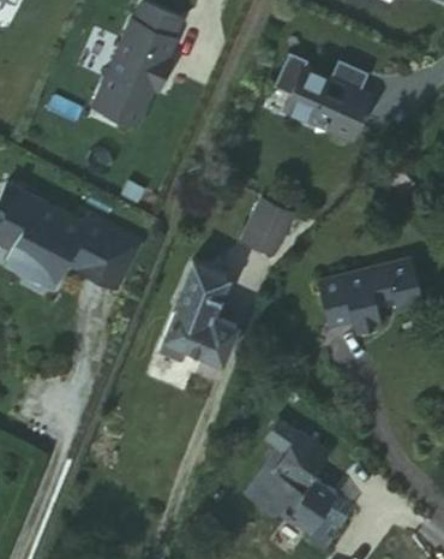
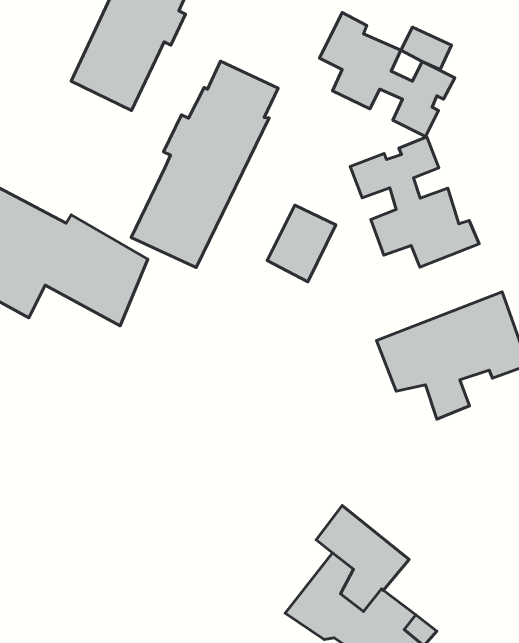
building: none -> [131,61,278,268]
building: none -> [350,137,479,267]
building: [157,263,235,362] -> none

